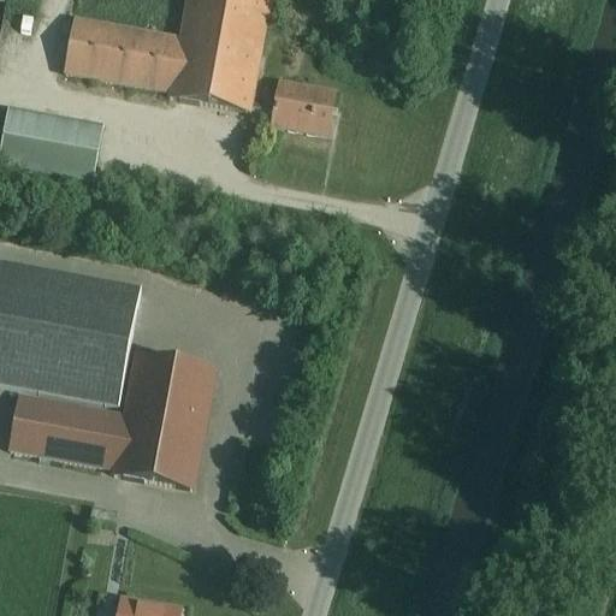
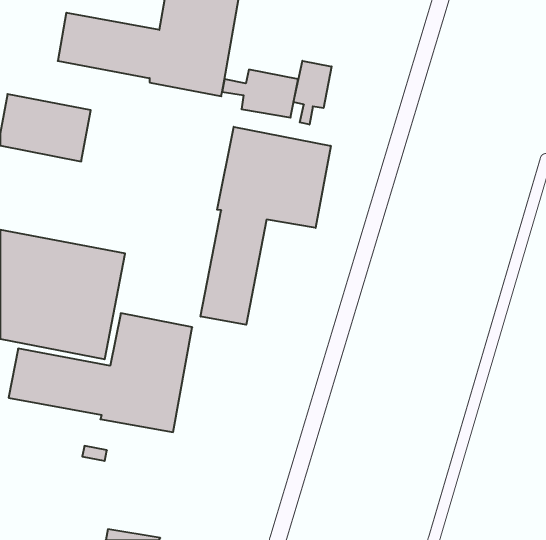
building: none -> [294,61,332,125]
building: none -> [201,127,331,325]

